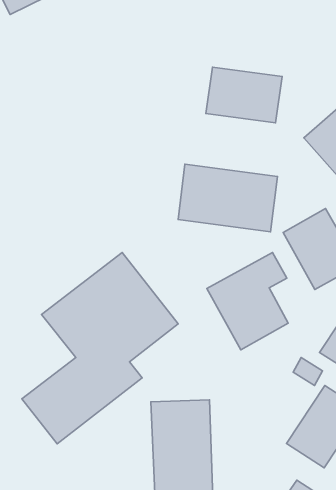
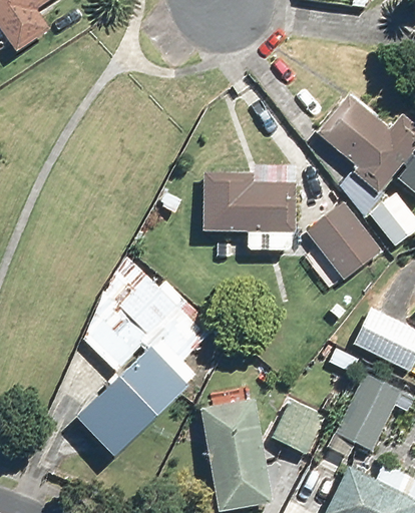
building: [206,67,282,123] -> none
building: [207,253,288,350] -> none
building: none -> [274,399,326,453]

